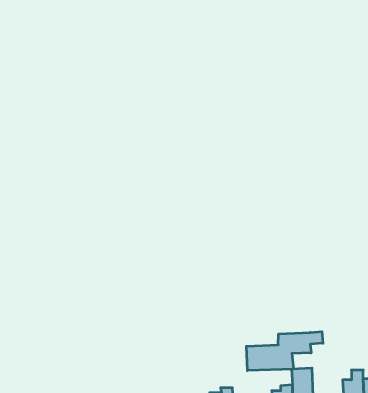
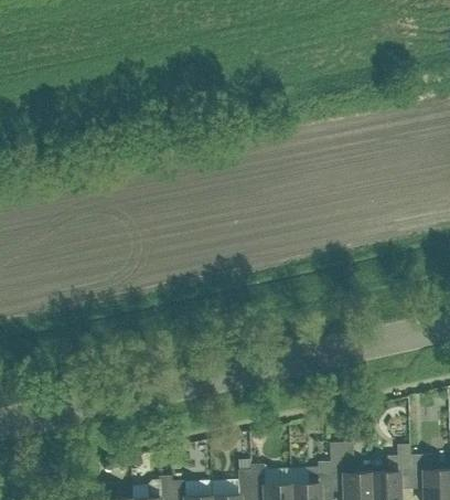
building: [246,332,323,371] -> none

